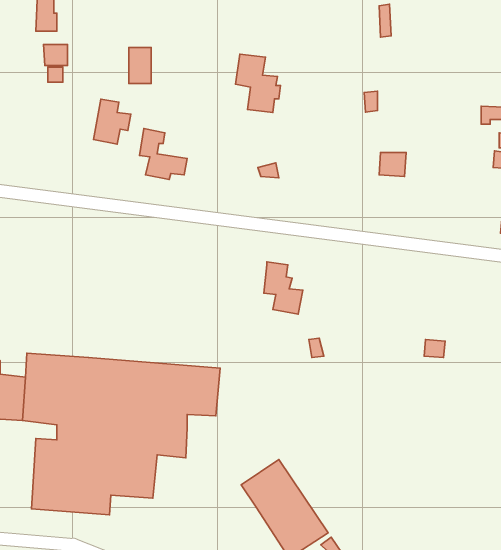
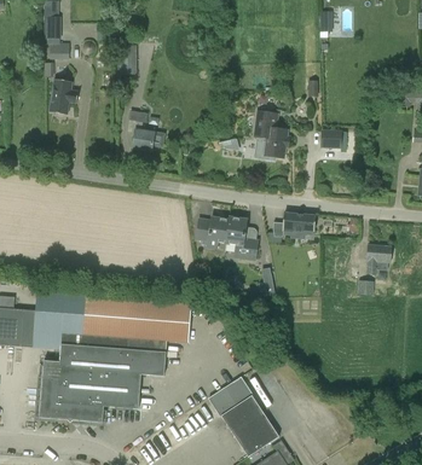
building: [235,54,280,112] -> [253,111,289,158]
building: [93,99,131,144] -> [47,79,77,115]
building: none -> [272,214,314,237]
building: none -> [196,217,229,248]
building: none -> [365,245,391,274]

